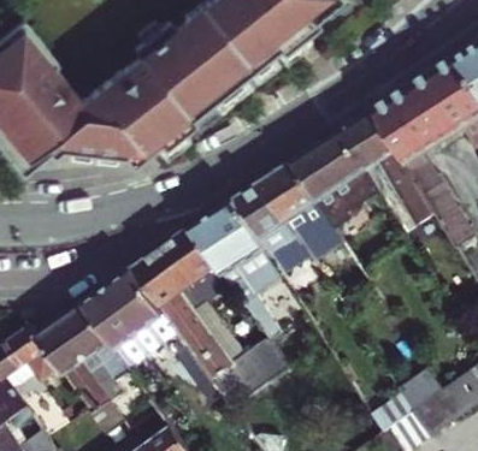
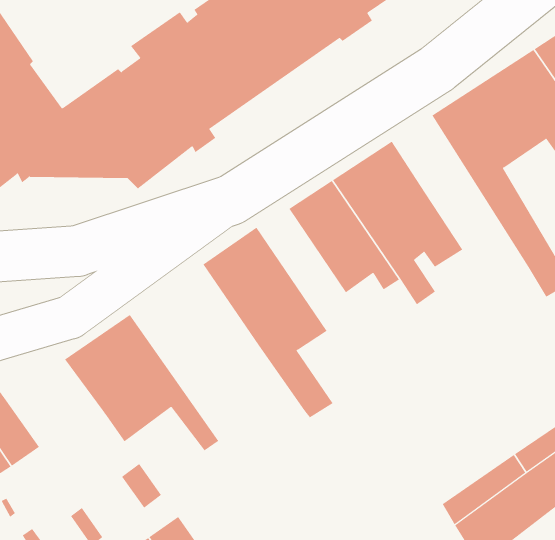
building: [341,106,449,233] -> none
building: [232,180,312,278] -> none
building: [131,225,293,413] -> none
building: [33,301,108,411] -> none

